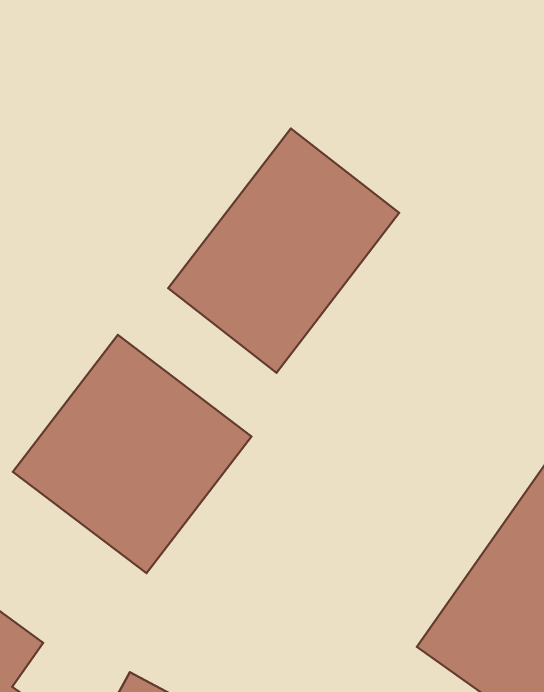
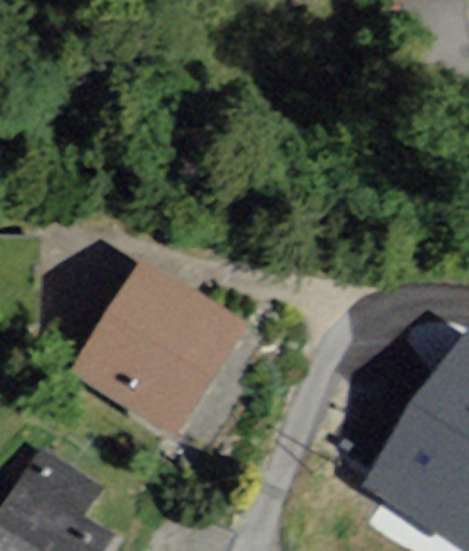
building: [168,128,399,373] -> none

